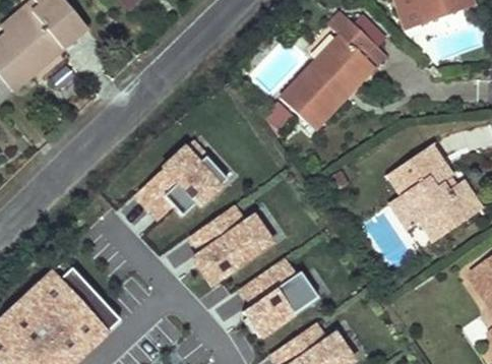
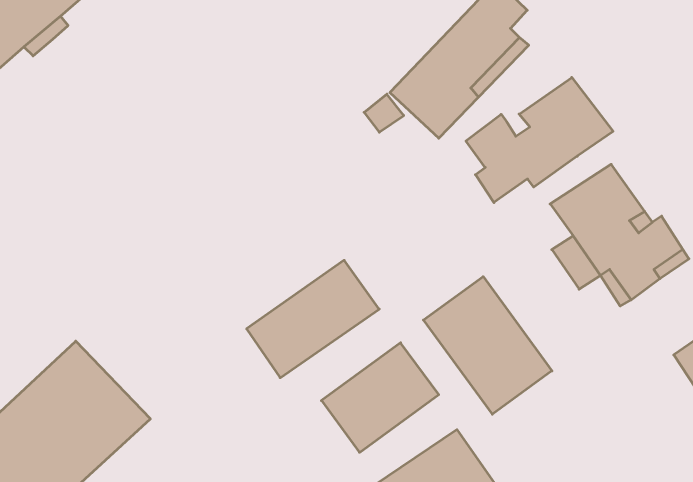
building: none -> [466,77,613,203]
building: [146,141,225,219] -> none
building: none -> [423,277,552,414]

